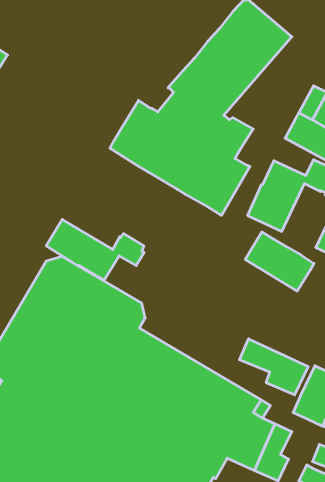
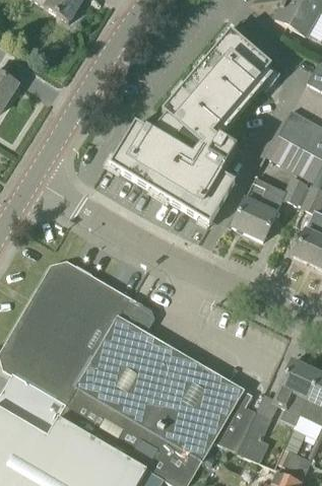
building: [46,219,144,280] -> none
building: [245,232,314,291] -> none
building: [239,339,308,395] -> none

